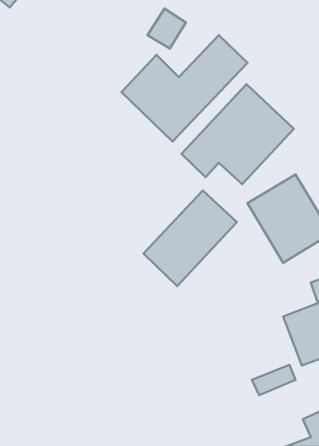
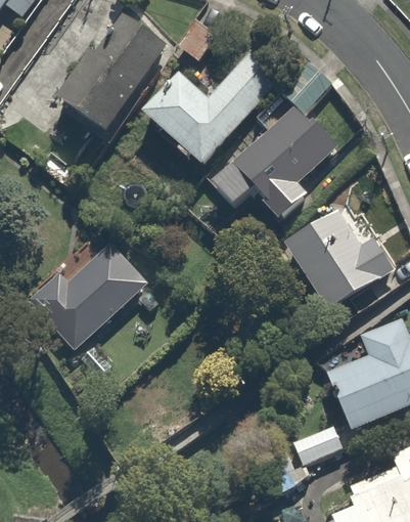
building: none -> [58,15,162,130]
building: [143,191,237,286] -> none
building: none -> [25,243,147,353]

